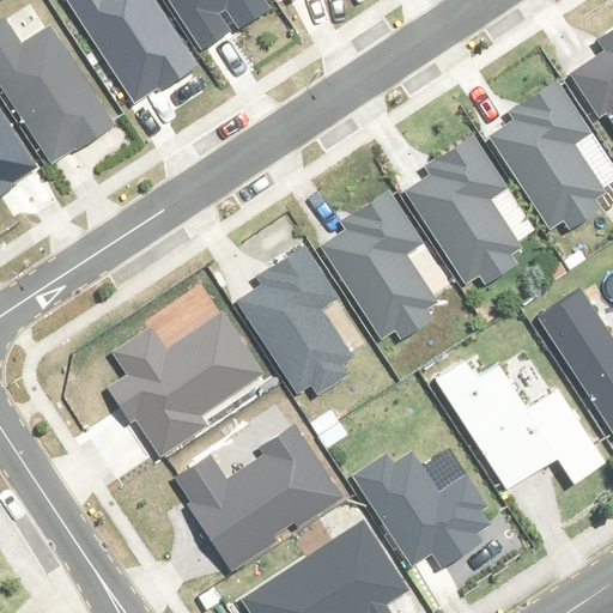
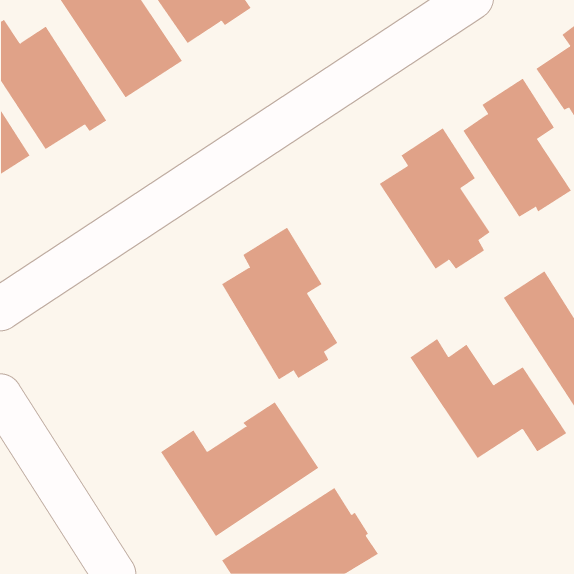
building: [324,194,437,342] -> none
building: [111,310,263,457] -> none
building: [352,453,492,564] -> none

